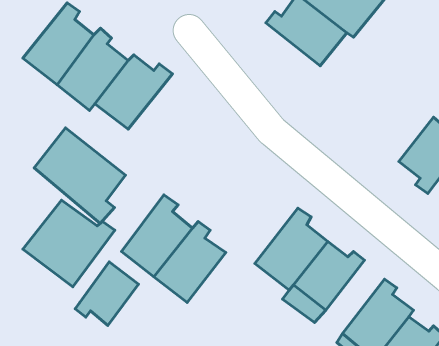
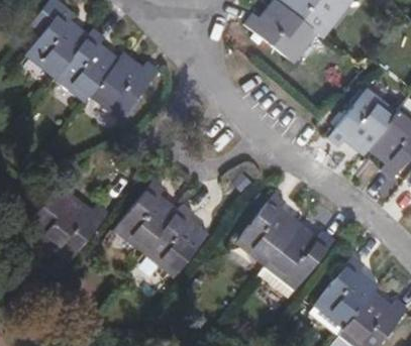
building: none -> [327,87,397,154]
building: [34,128,126,223] -> none
building: [75,262,139,325] -> none

